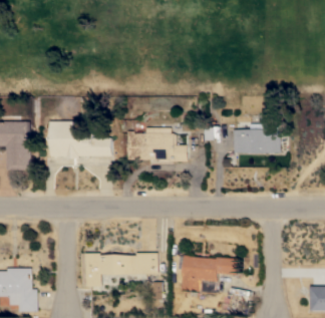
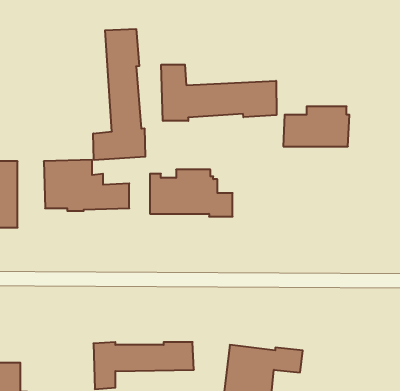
building: none -> [93,29,145,160]
building: none -> [161,65,276,121]
building: [233,124,281,153] -> [283,106,349,146]

